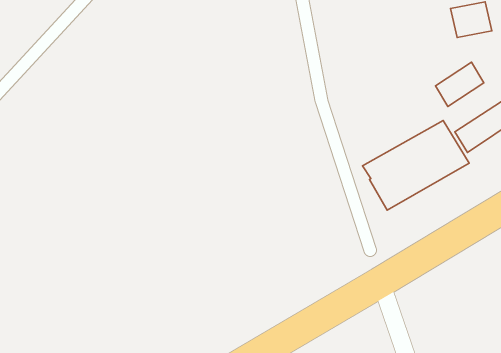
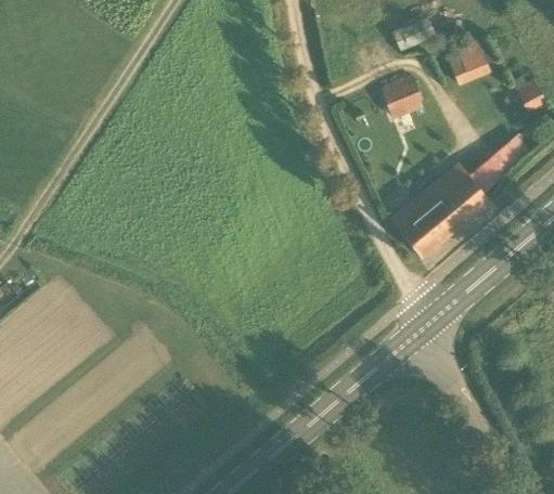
building: none -> [382,74,422,120]
building: [436,62,484,107] -> none

